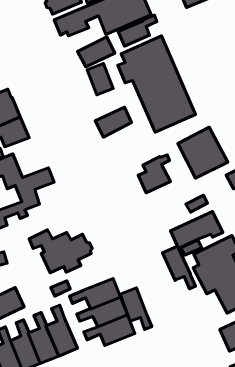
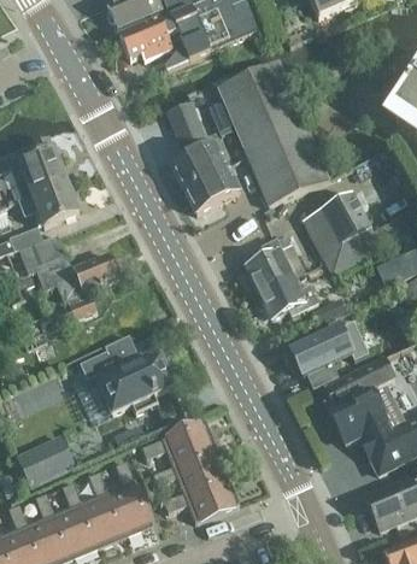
building: [118,15,157,46] -> none
building: [78,37,115,67] -> [168,141,223,186]
building: none -> [256,276,318,319]
building: [163,246,195,289] -> none
building: [120,288,152,329] -> none

